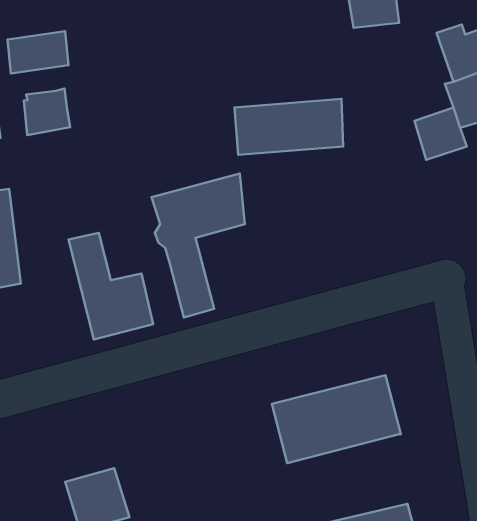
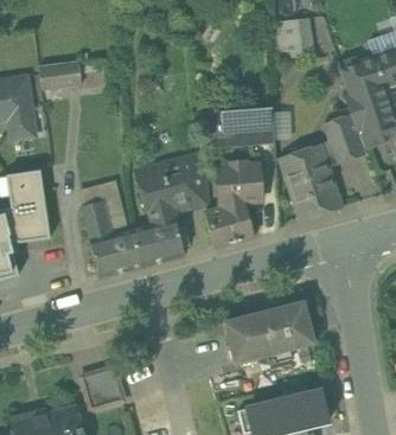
building: [24,89,70,135] -> none
building: none -> [279,142,341,219]
building: none -> [205,162,261,247]
building: none -> [133,223,162,264]

